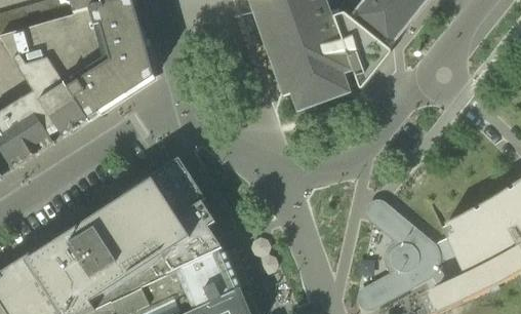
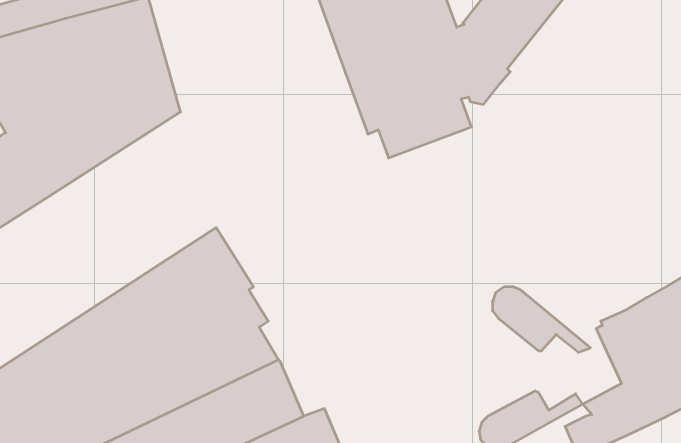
building: [388,232,457,284] -> none

